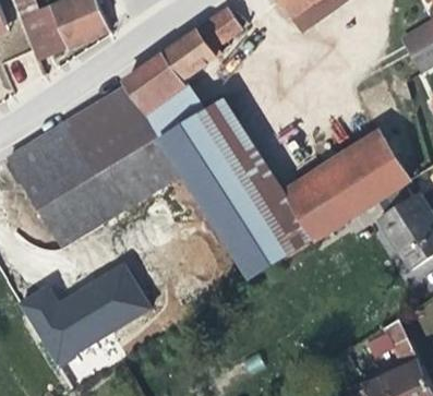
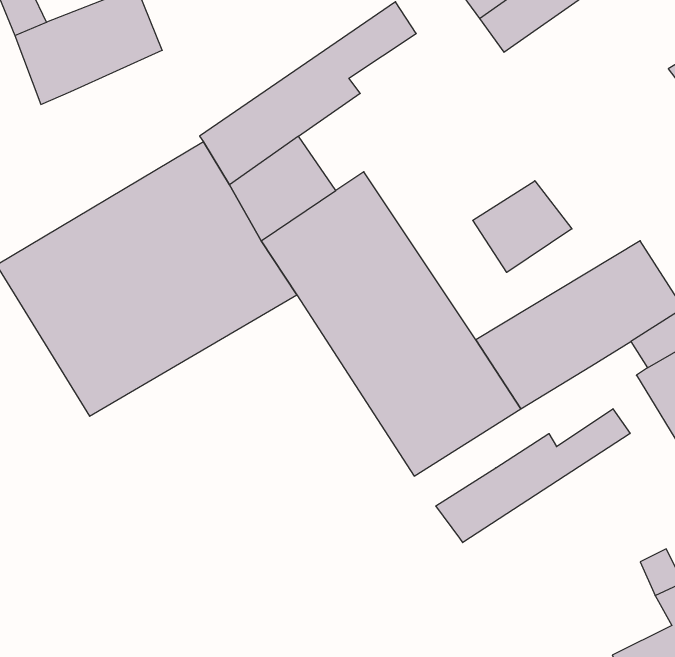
building: none -> [473,181,572,272]
building: none -> [436,409,630,543]
building: [16,257,151,361] -> none

